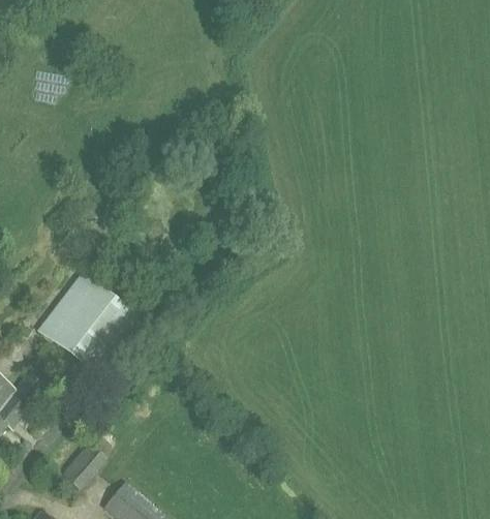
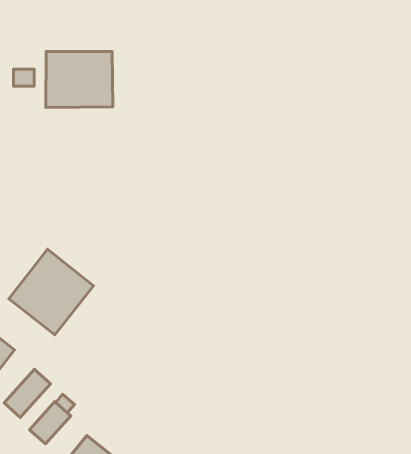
building: none -> [46,52,113,108]
building: none -> [4,369,50,418]

